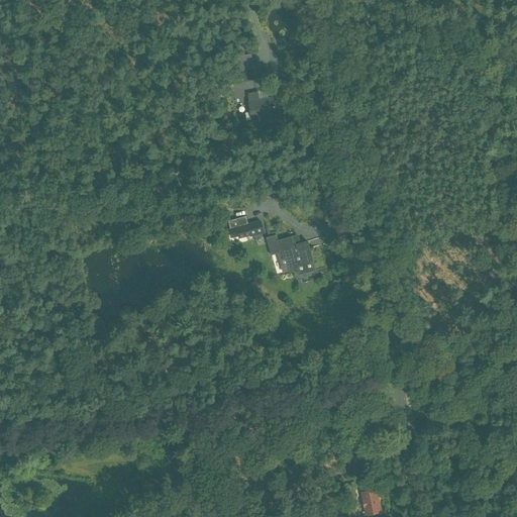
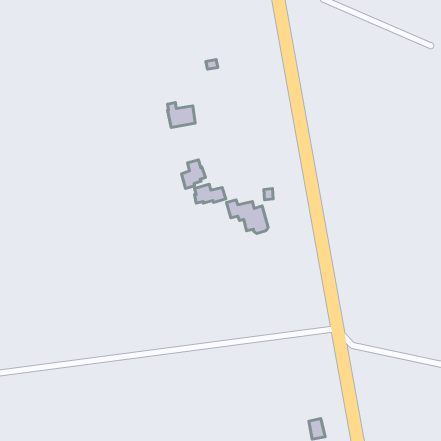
building: [247,91,280,120] -> [168,102,195,127]
building: none -> [181,160,205,188]

